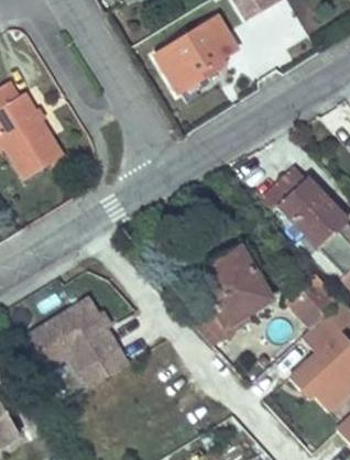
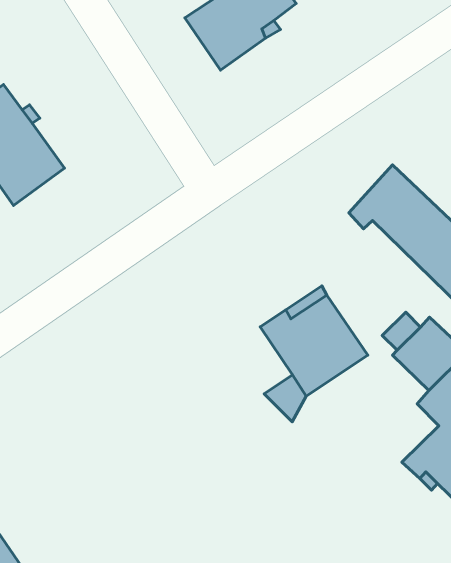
building: [20,295,131,386] -> none

